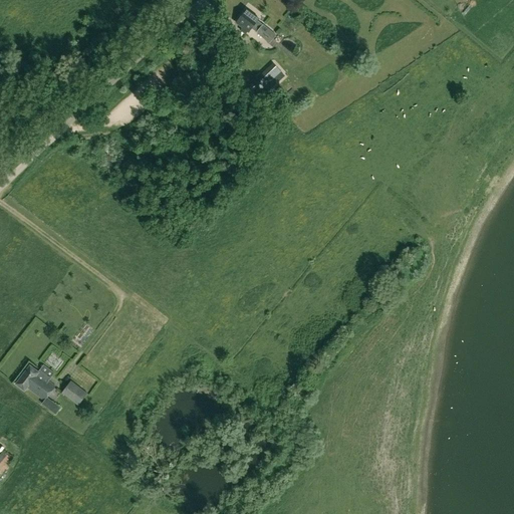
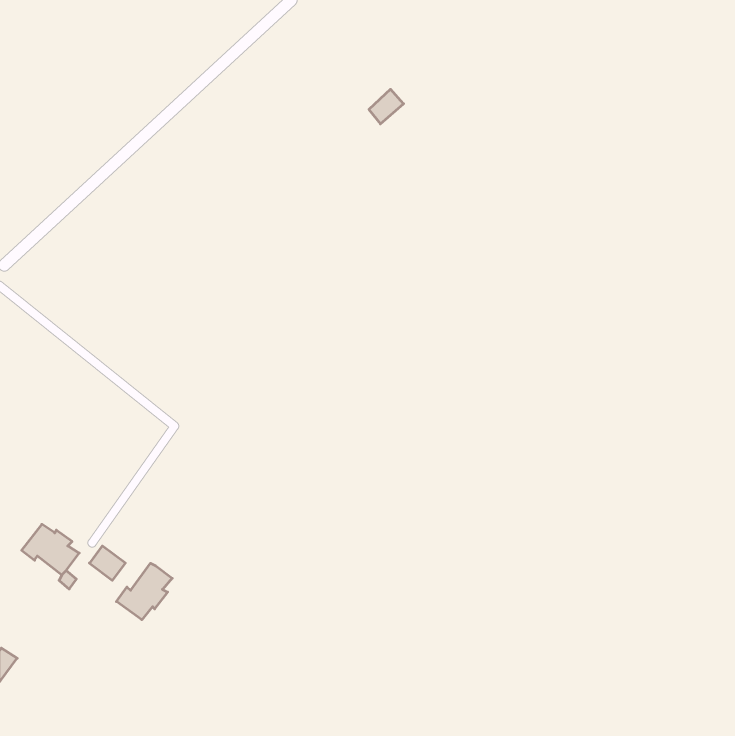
building: [236,9,276,42] -> none
building: none -> [116,563,172,620]

